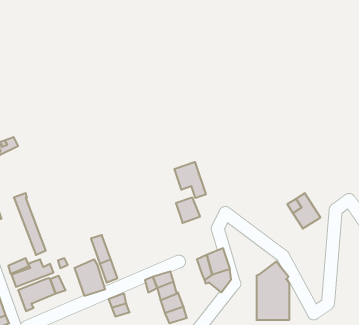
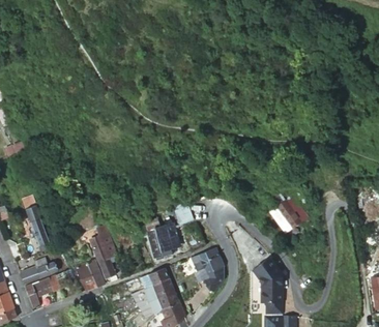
building: [174,162,206,198] -> none
building: none -> [149,226,171,256]

